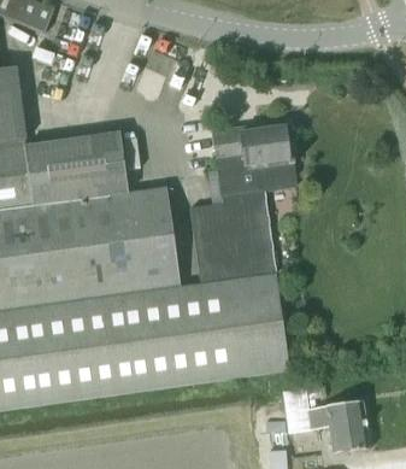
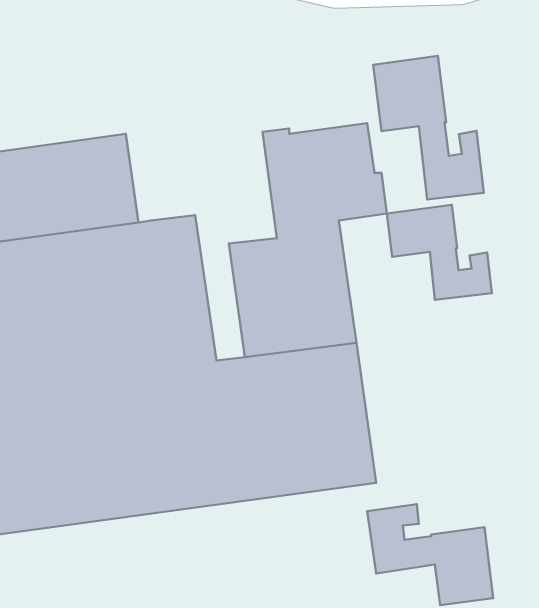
building: none -> [373,56,484,199]
building: none -> [387,205,492,300]

